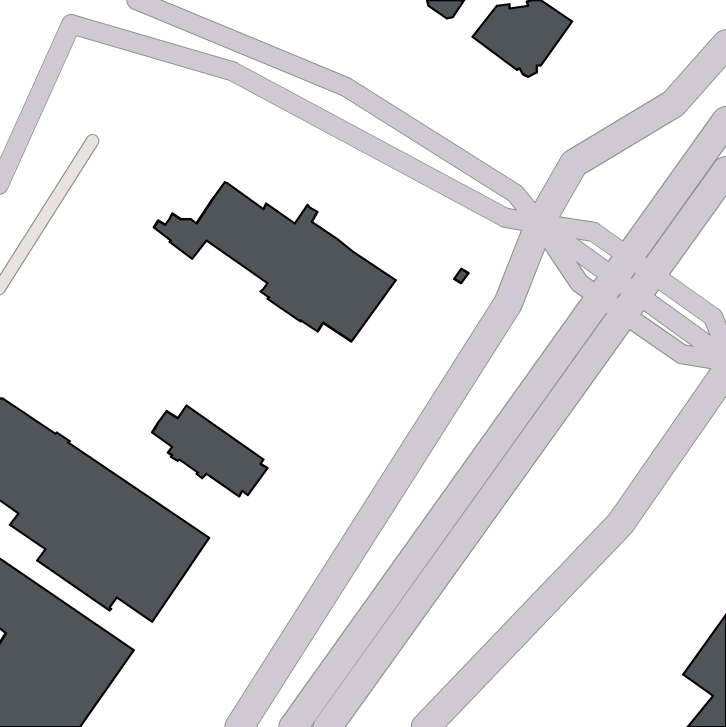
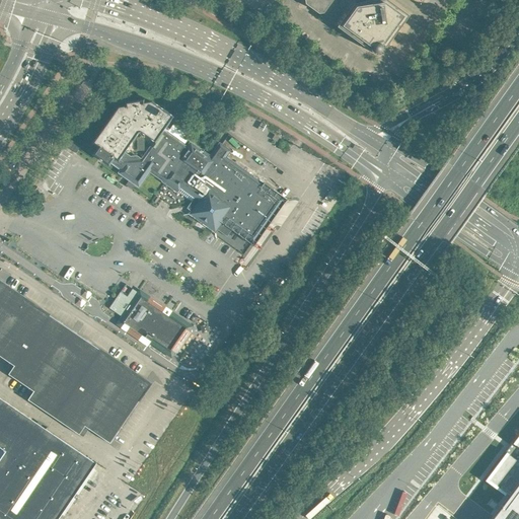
building: none -> [92,100,171,164]

